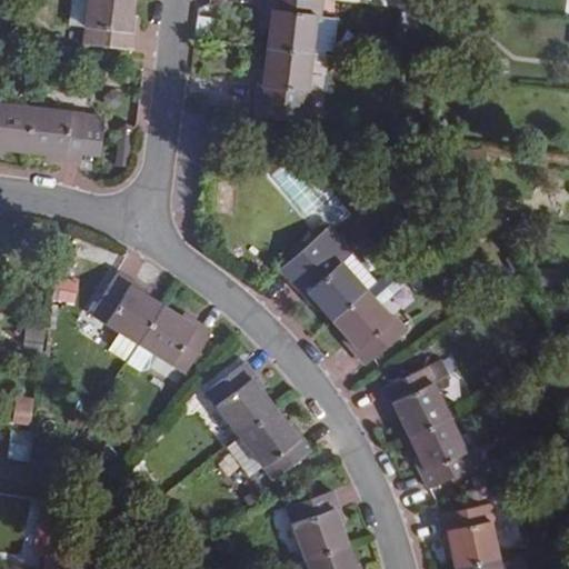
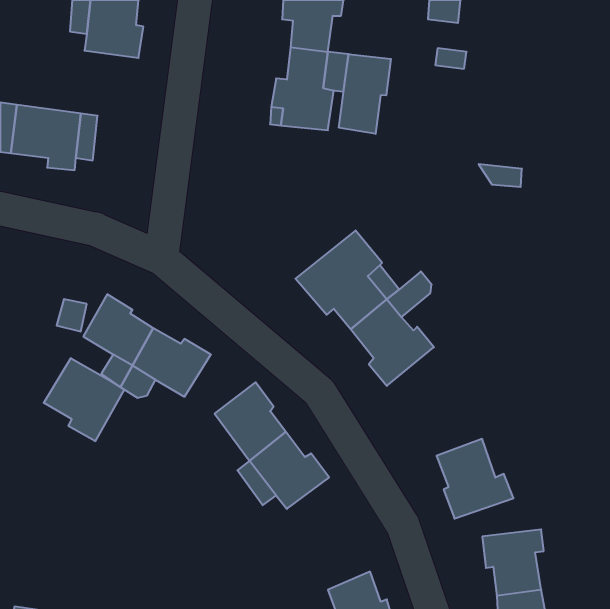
building: none -> [339,54,391,134]
building: none -> [44,358,124,441]
building: [385,359,450,427] -> none
building: [289,485,347,550] -> none

